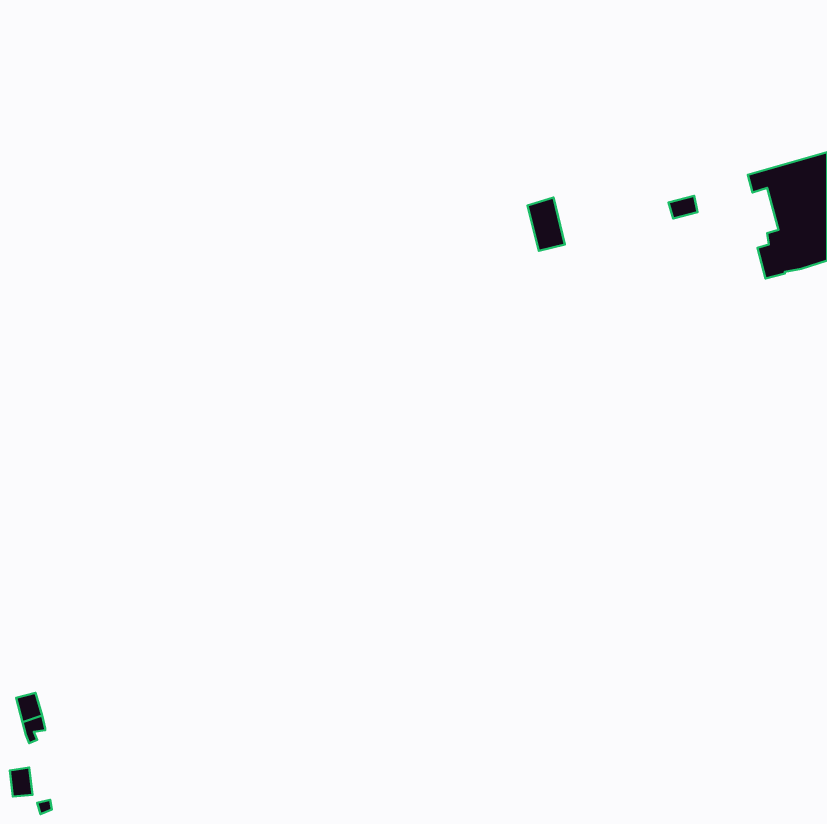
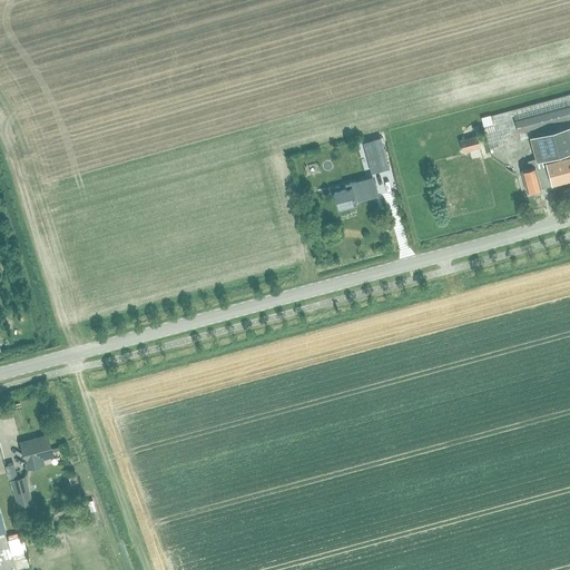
building: none -> [334,178,377,209]
building: none -> [20,436,53,465]

